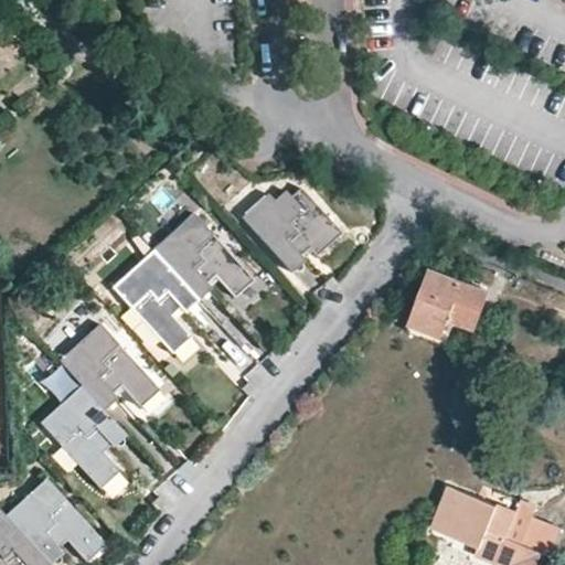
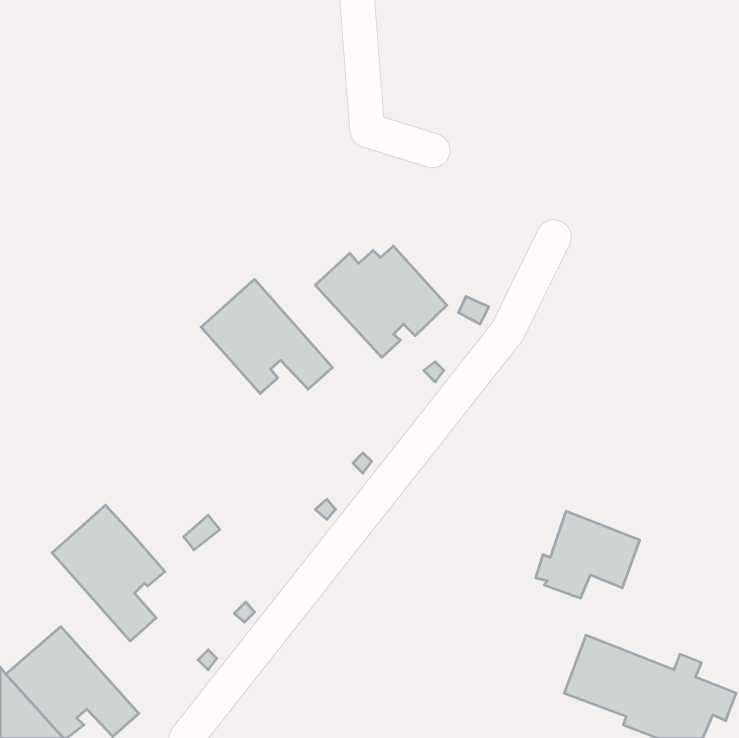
building: [111,249,199,353] -> none
building: [407,266,487,332] -> [536,511,640,598]
building: [58,322,160,411] -> none

